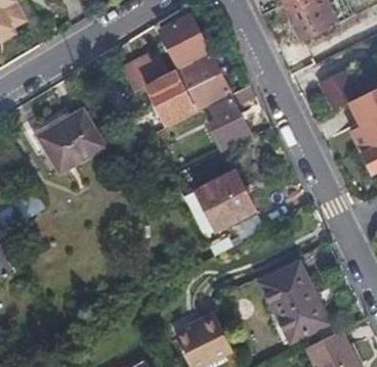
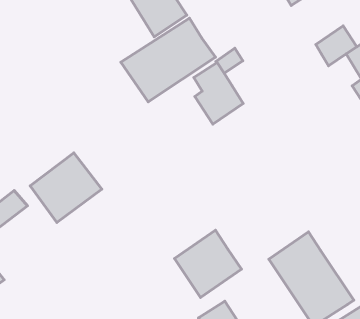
building: [121,55,168,91] -> none
building: [39,110,103,172] -> [30,153,102,222]
building: [196,171,255,230] -> [175,230,241,297]

